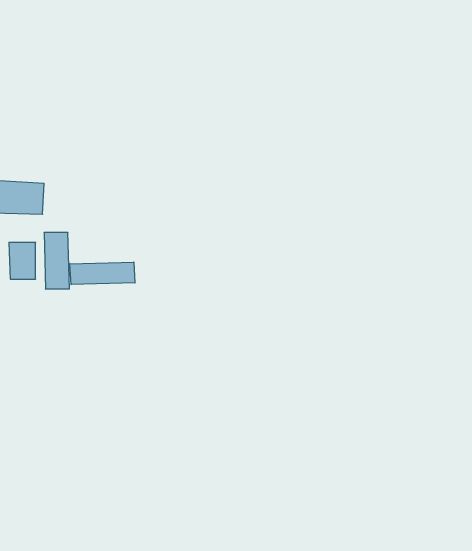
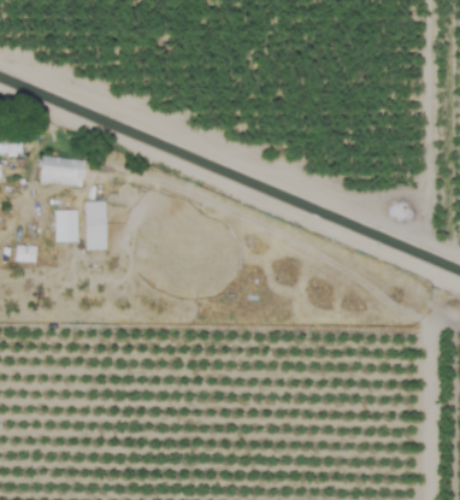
building: [70,262,135,285] -> none

